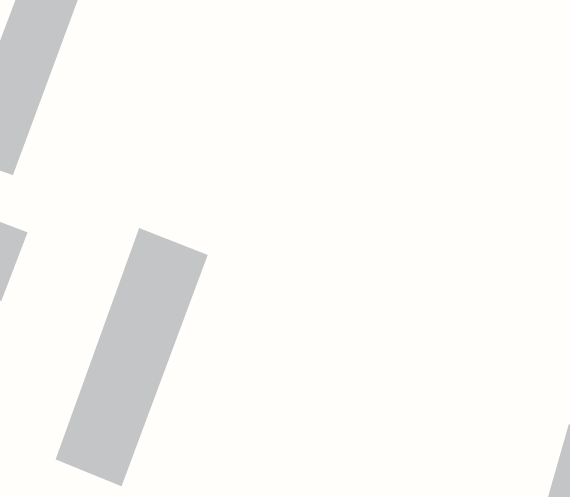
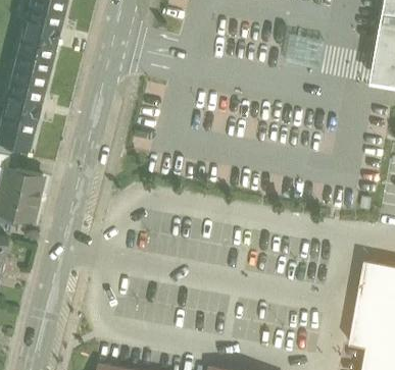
building: [55,227,209,487] -> none

